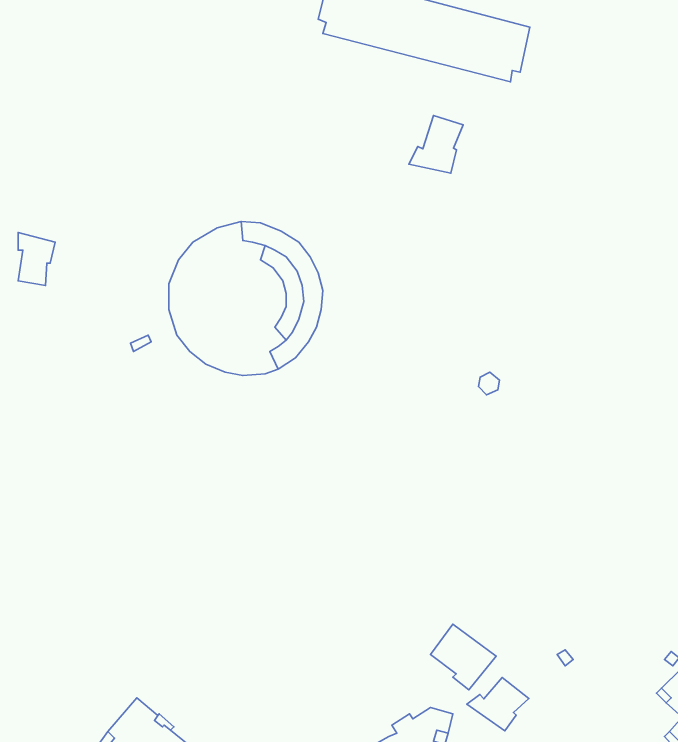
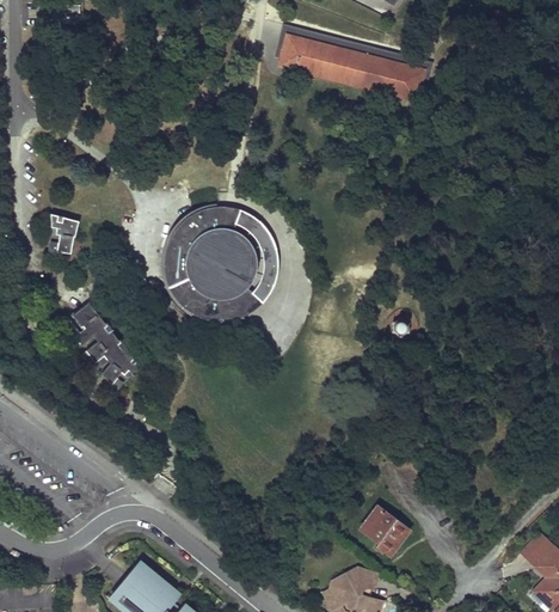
building: [409,116,463,173] -> none
building: none -> [73,302,141,386]
building: [467,678,529,731] -> none

